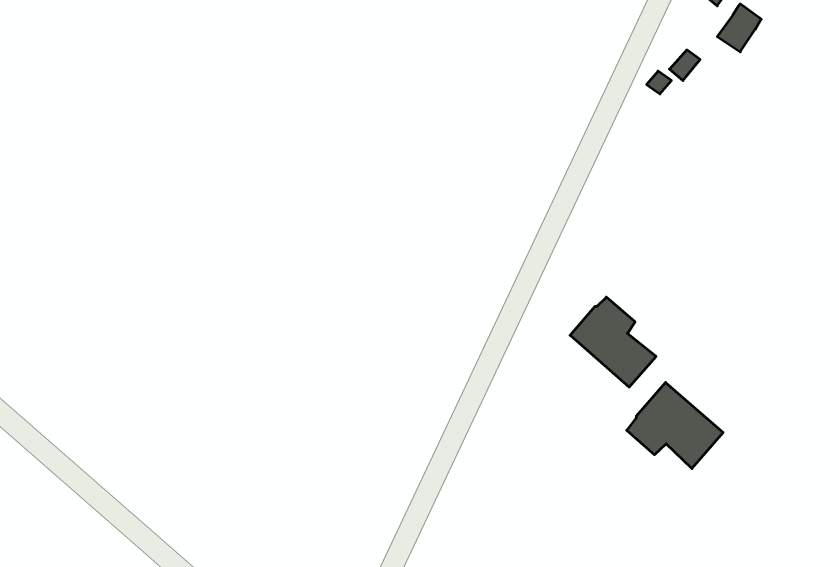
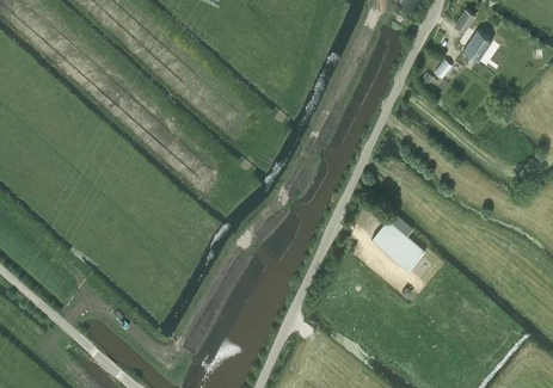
building: [627,382,723,469] -> none

